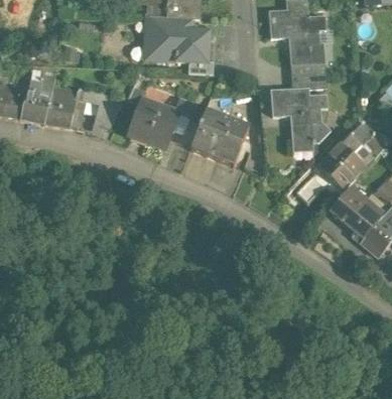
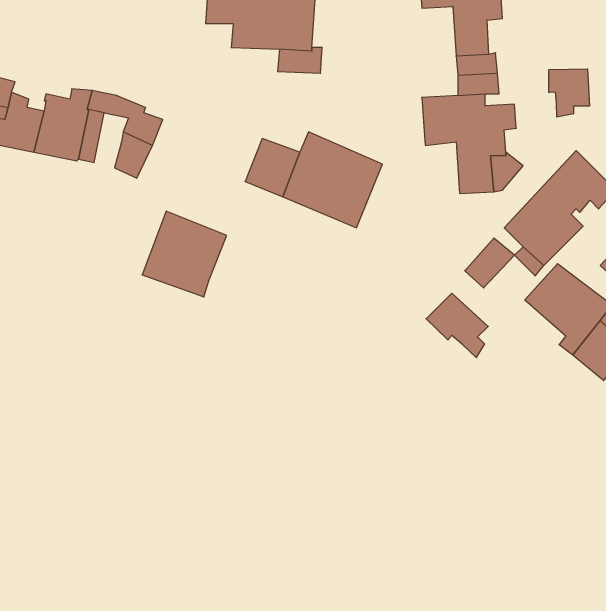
building: none -> [549,69,589,117]
building: [128,99,177,149] -> [142,211,226,297]
building: none -> [426,293,488,358]

